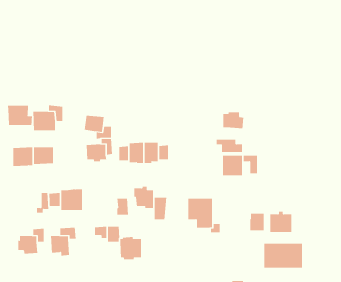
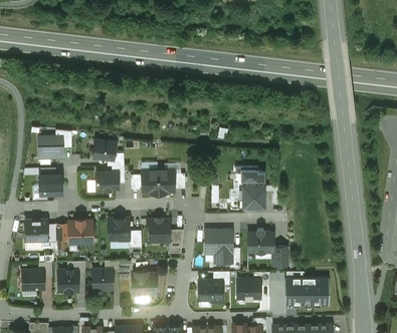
building: [8,105,32,126] -> none
building: [223,112,244,129] -> none
building: [13,147,33,167] -> [24,220,46,241]
building: none -> [107,218,129,241]
building: [270,211,292,233] -> [247,229,271,252]
building: none -> [91,270,112,289]
building: none -> [236,278,260,299]
building: none -> [199,281,220,302]

